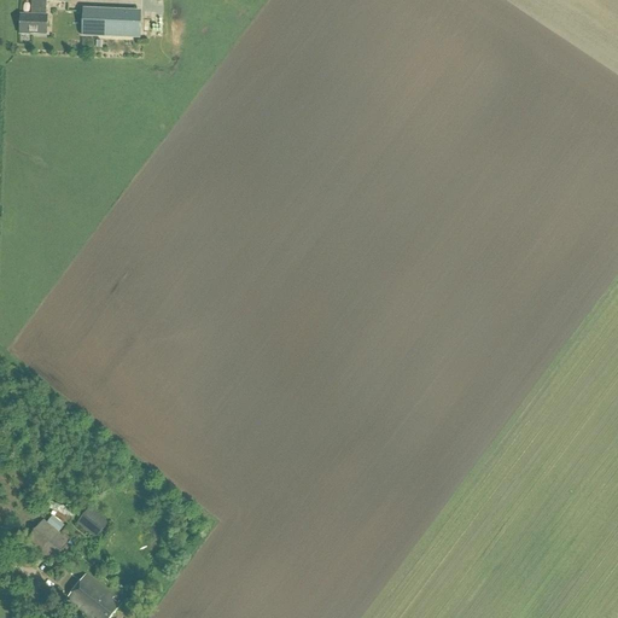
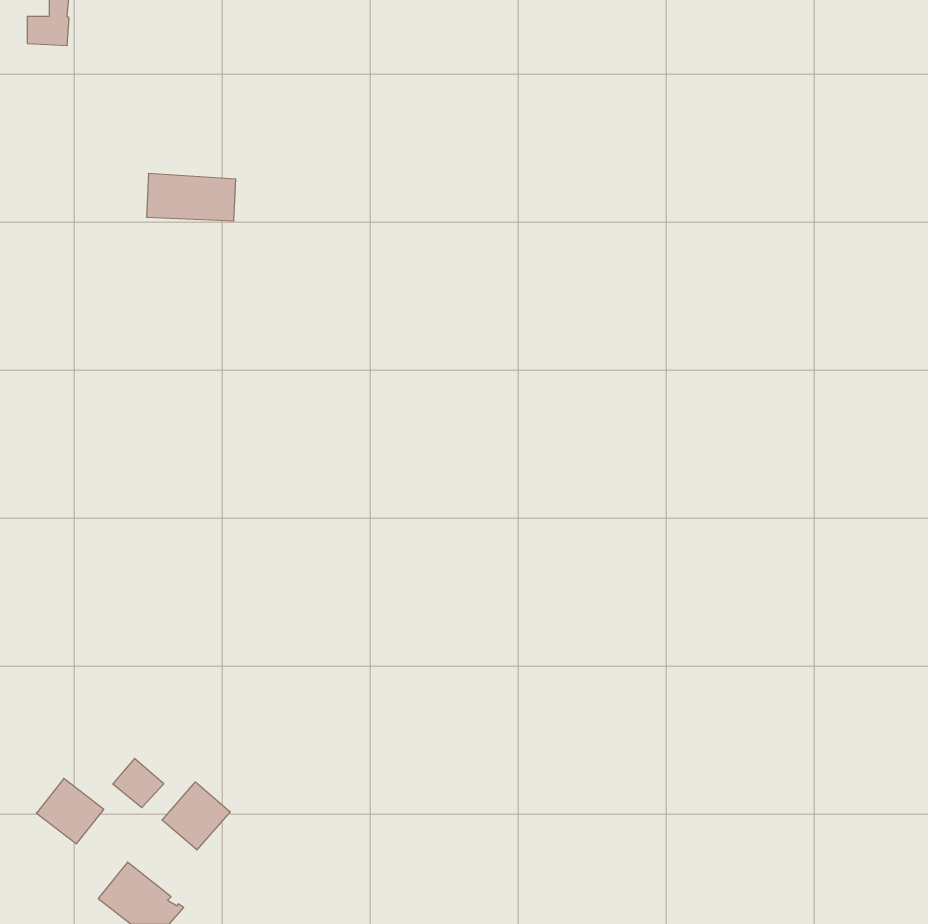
building: [81,5,140,36] -> [147,174,236,221]
building: none -> [162,782,230,850]

